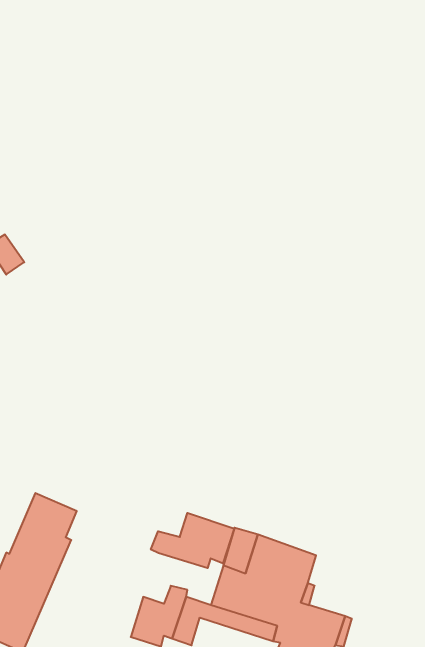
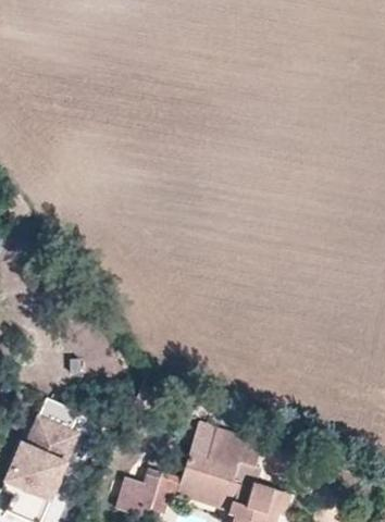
building: [151,513,234,568] -> none

